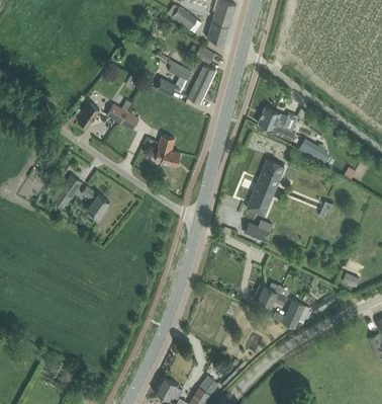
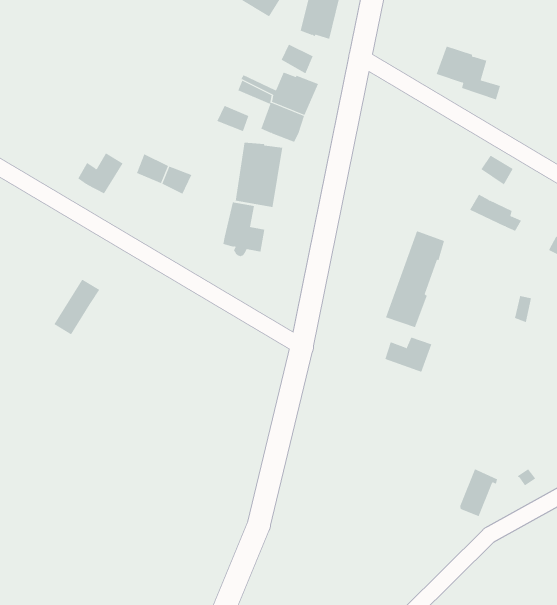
building: none -> [235,142,283,208]
building: [258,106,295,140] -> [436,46,501,100]
building: [82,185,109,222] -> none
building: [254,282,286,305] -> none

